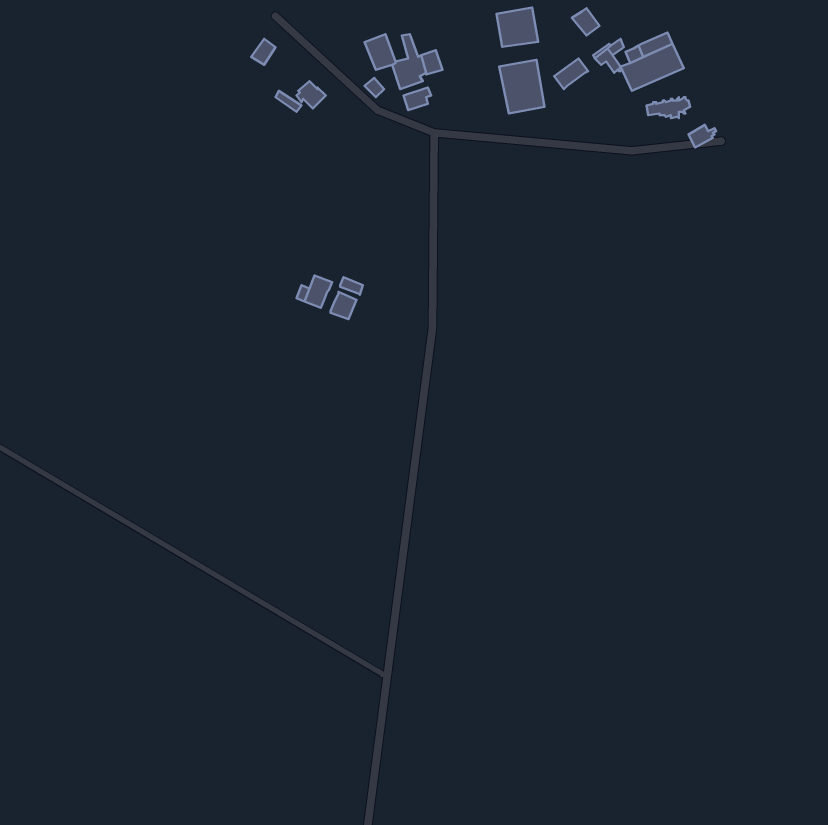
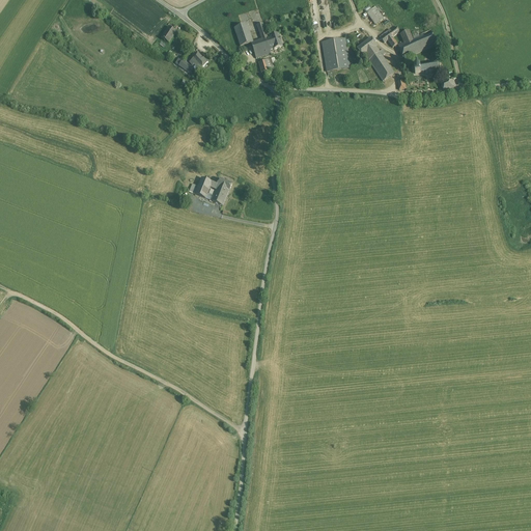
building: [497,8,538,47] -> none
building: none -> [363,47,393,81]

